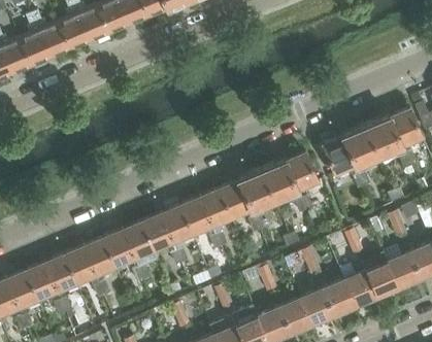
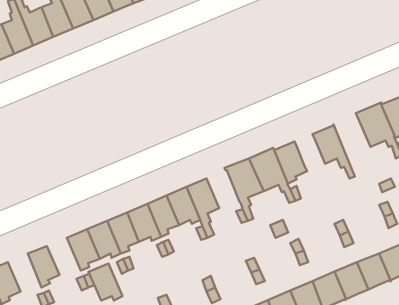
building: [342,125,379,186] -> none
building: [220,180,253,217] -> none
building: [64,246,97,282] -> [88,263,122,300]
building: [26,262,59,299] -> none

